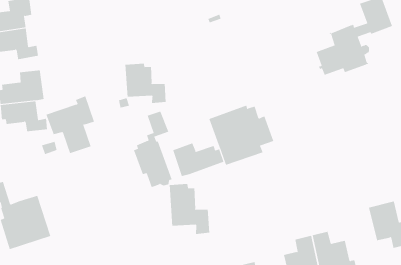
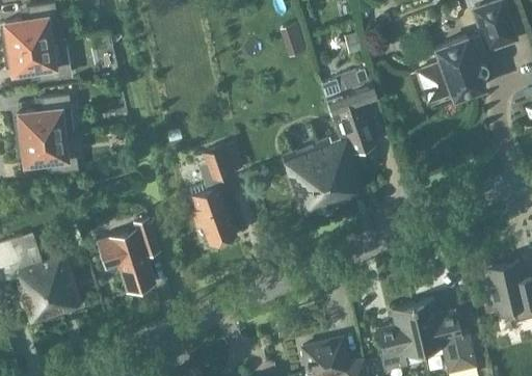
building: none -> [321,69,378,157]
building: [125,63,166,104] -> none
building: [46,96,95,154] -> [98,218,160,292]
building: [172,142,224,177] -> none
building: [169,183,210,235] -> none

